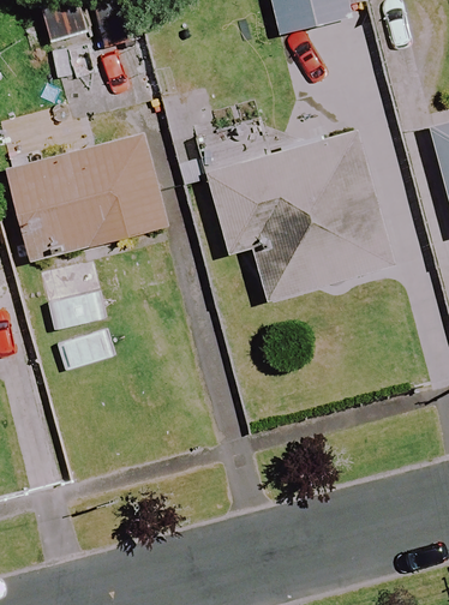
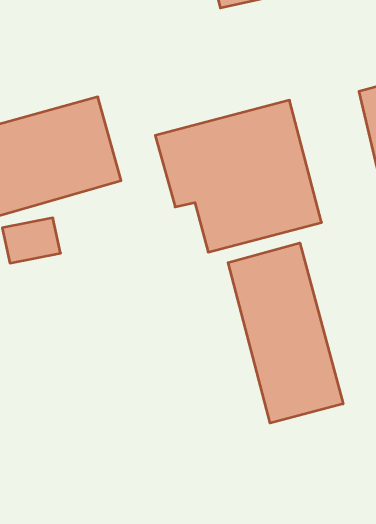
building: none -> [228,243,343,423]

